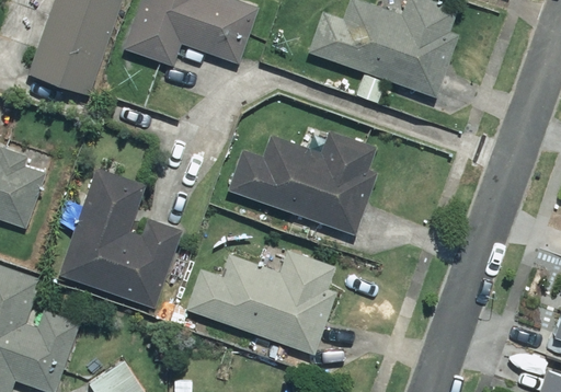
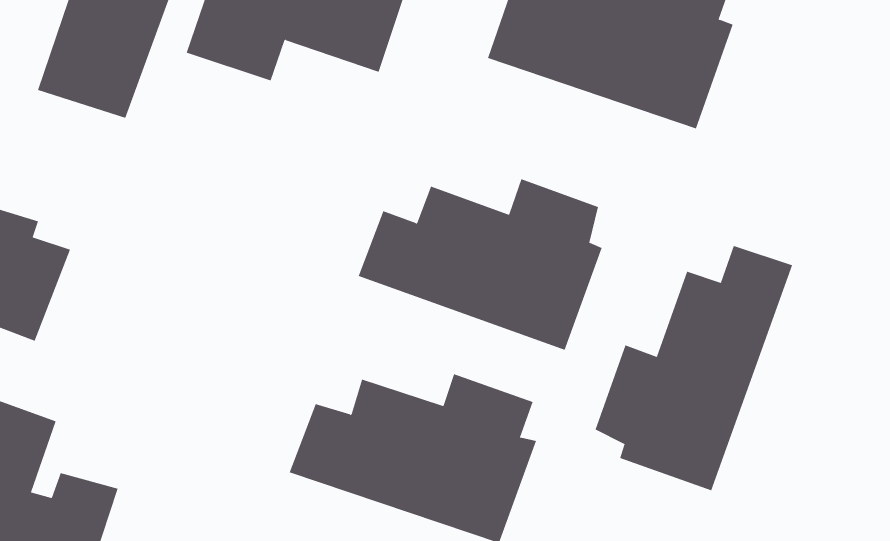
building: [59,170,186,308] -> none
building: none -> [595,245,793,491]

